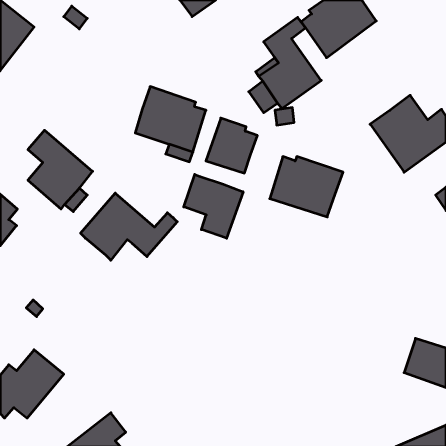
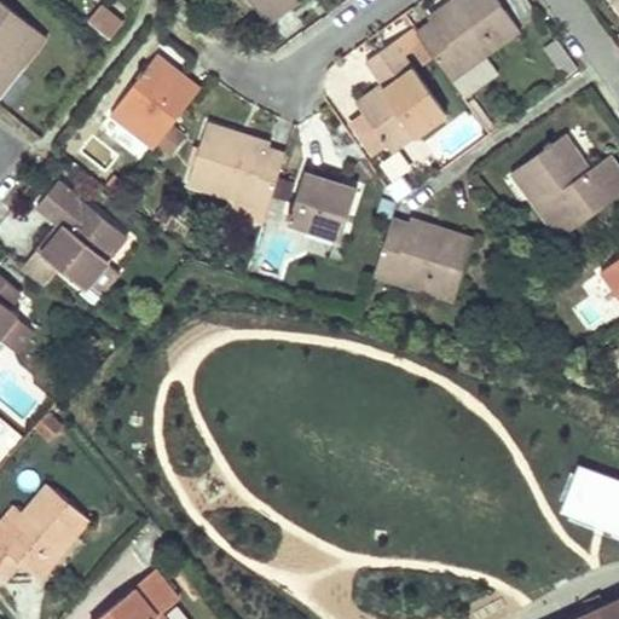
building: none -> [110,42,201,147]
building: [184,174,243,238] -> none
building: [81,193,177,260] -> none

